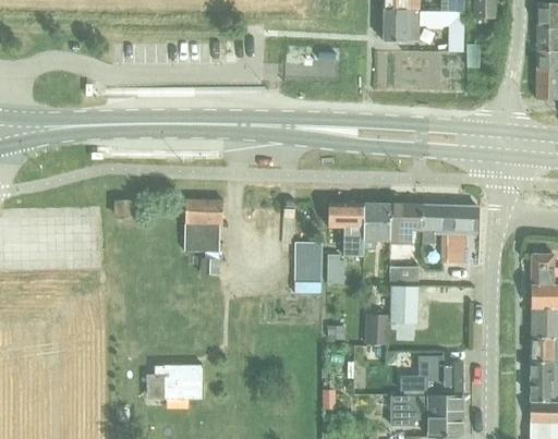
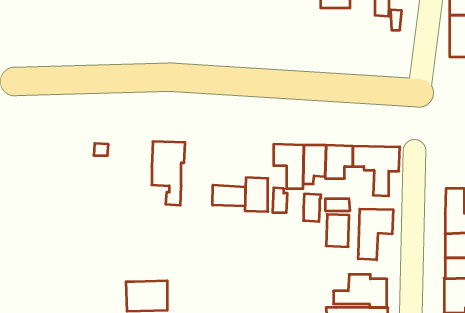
building: none -> [213,185,245,206]
building: none -> [358,209,393,260]
building: [369,314,390,346] -> [303,194,321,222]

